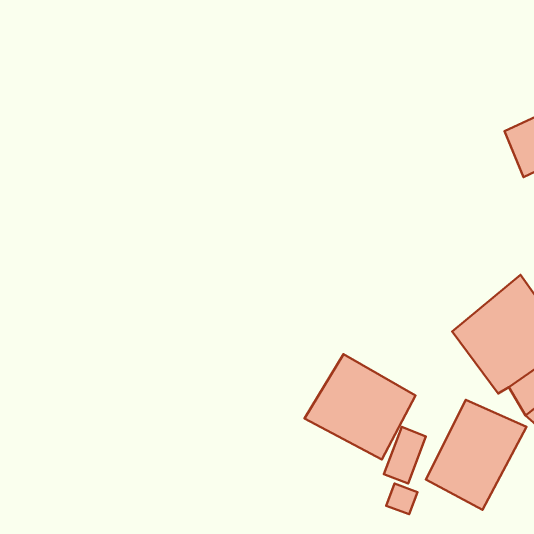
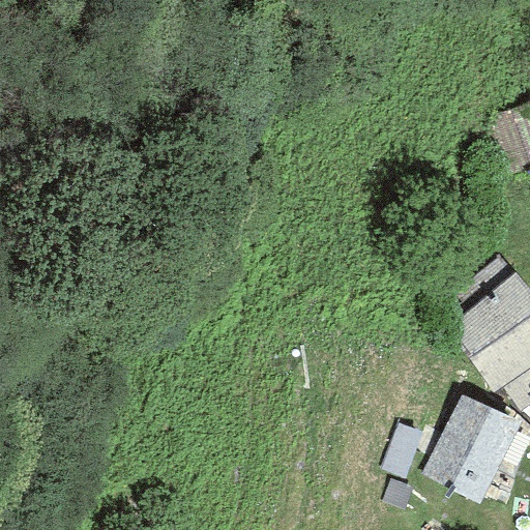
building: [305,354,416,460] -> none

